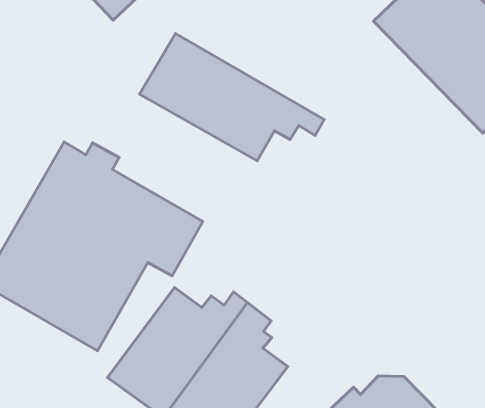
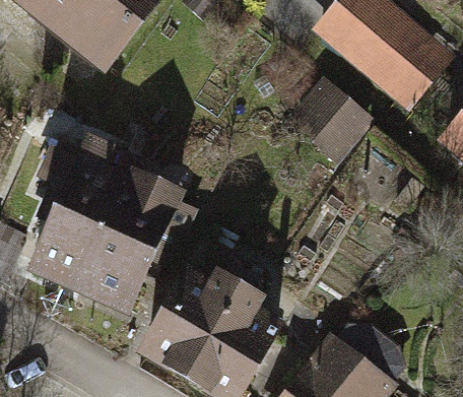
building: [139,34,324,161] -> none
building: none -> [290,78,376,163]

